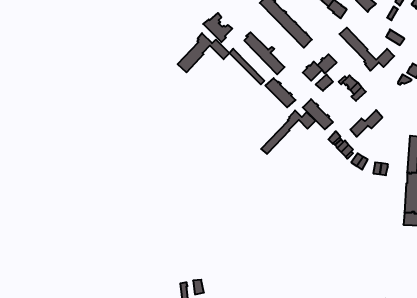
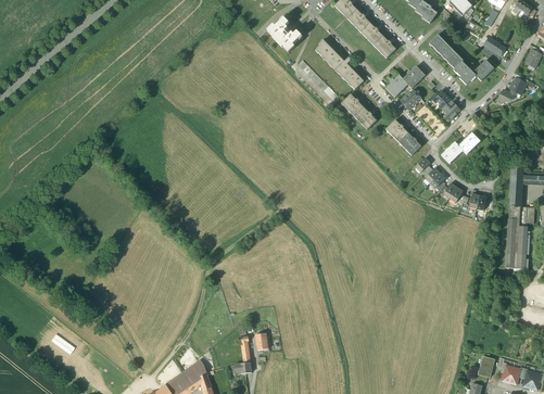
building: [178,33,230,72] -> none
building: [261,110,315,154] -> none

